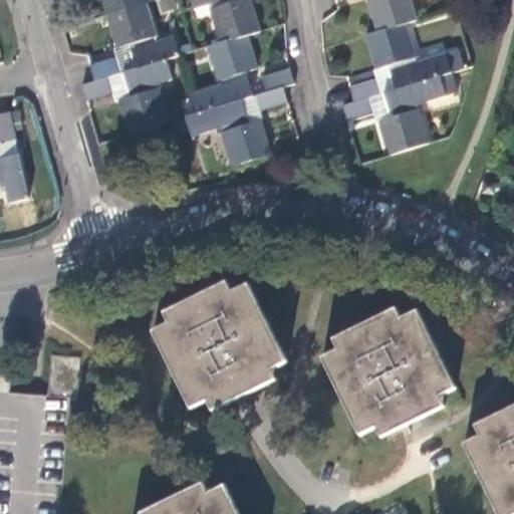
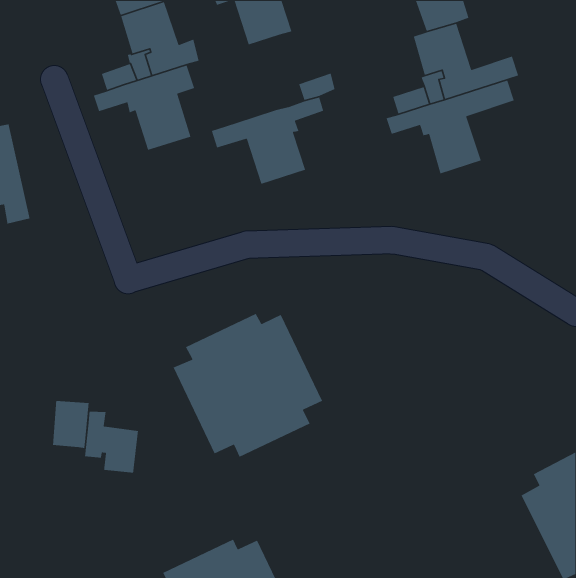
building: [202,32,258,109] -> none
building: [320,307,455,435] -> none
building: none -> [84,411,139,473]

